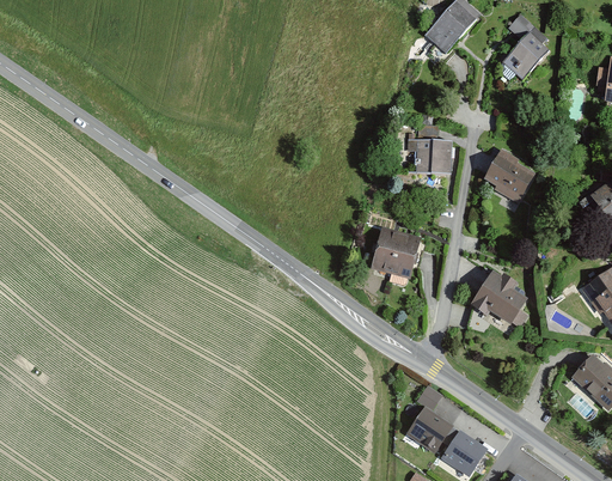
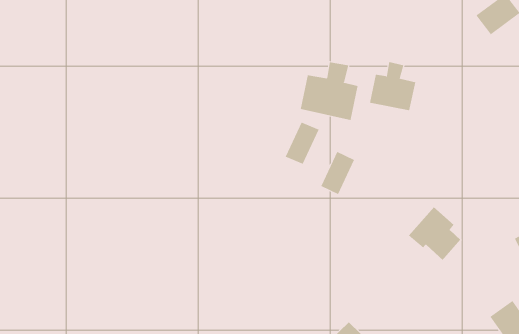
building: none -> [300,61,358,121]
building: [484,151,536,201] -> none
building: [391,235,422,279] -> [285,122,319,164]

